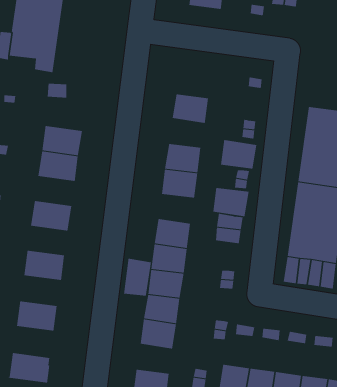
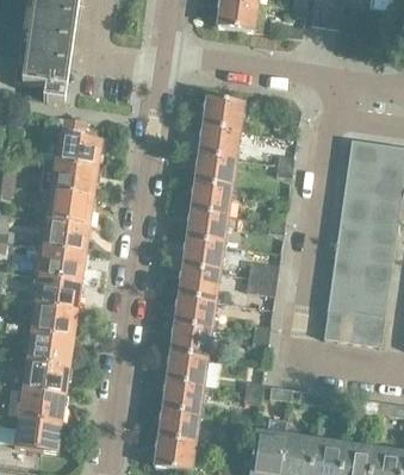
building: none -> [203,96,244,131]
building: none -> [42,132,102,168]
building: [220,140,257,169] -> [194,154,236,187]
building: none -> [43,219,89,252]
building: [212,187,249,217] -> [182,239,224,273]
building: none -> [35,275,81,308]
building: [124,258,151,297] -> none
building: none -> [26,331,74,365]
building: none -> [18,388,66,424]
building: none -> [157,408,199,442]

